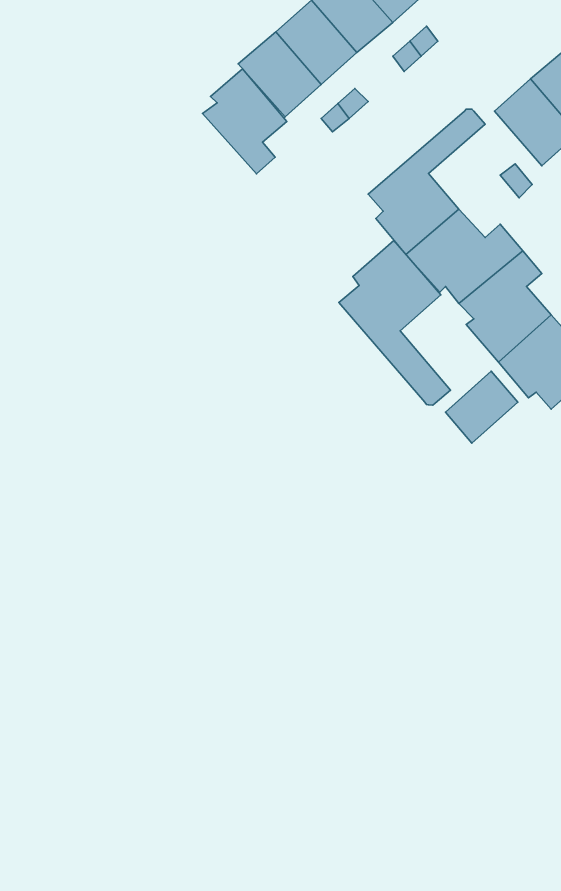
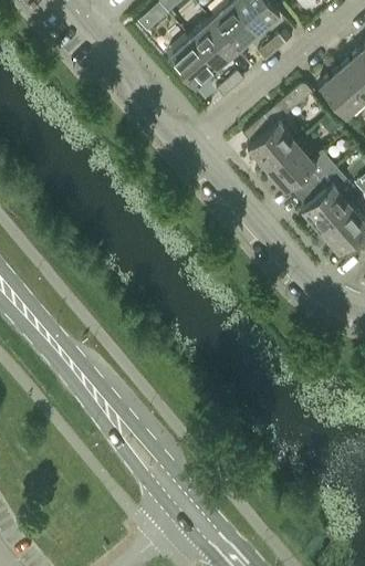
building: [202,69,287,174] -> none
building: [339,240,451,405] -> none
building: [445,371,518,443] -> none

